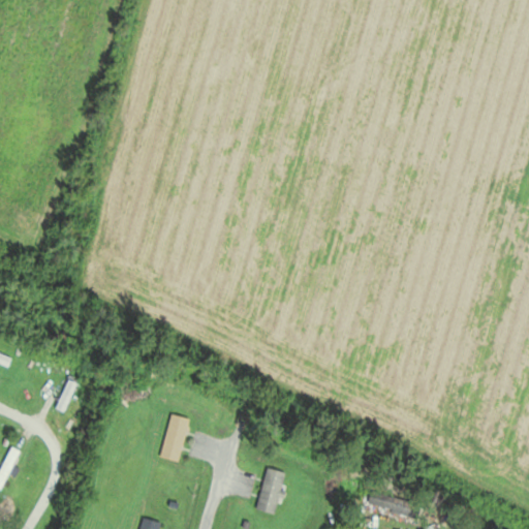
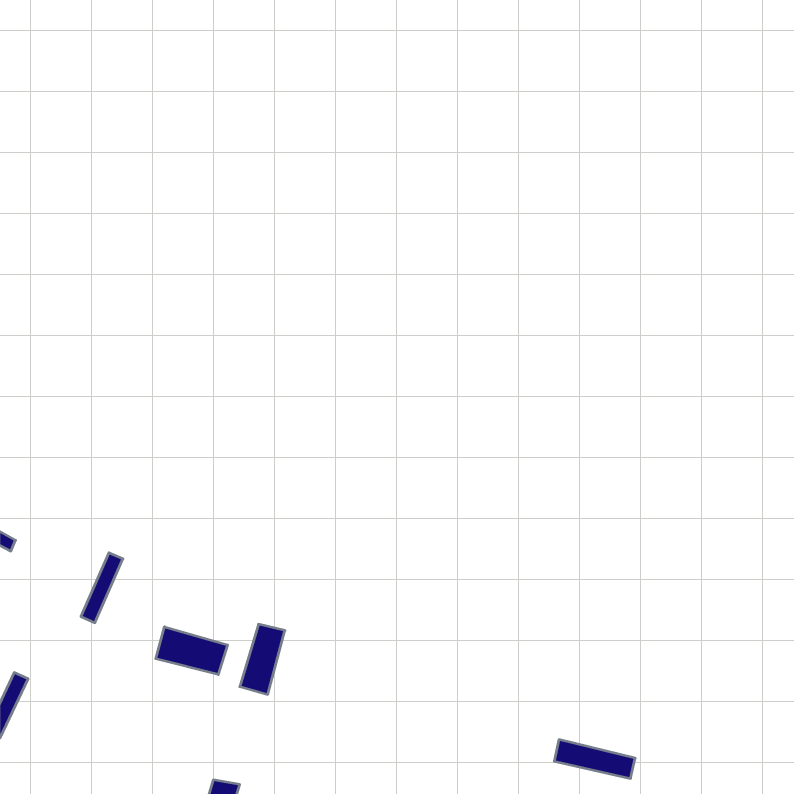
building: none -> [156,627,228,675]
building: [256,468,285,515] -> none

